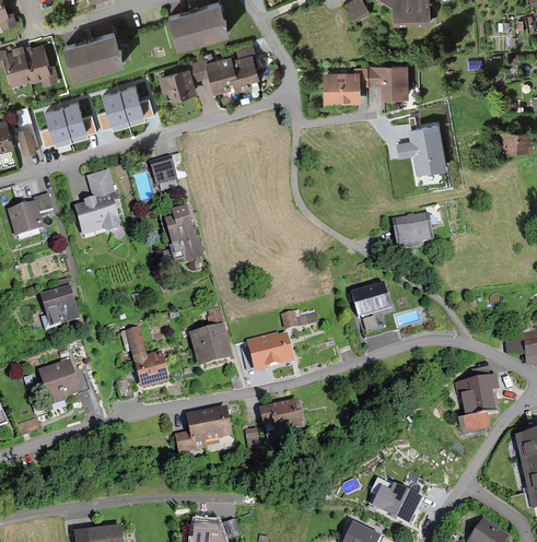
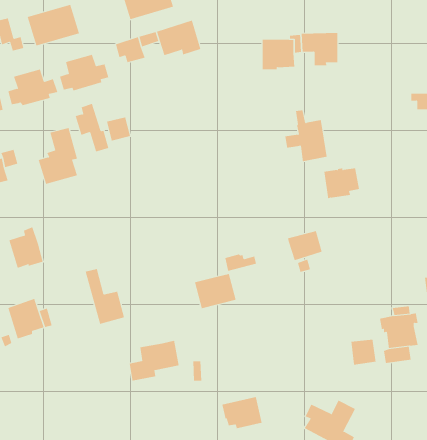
building: [397,114,445,172] -> [284,110,327,162]
building: [164,203,202,258] -> [75,103,109,152]
building: [190,307,234,366] -> none
building: [259,399,305,435] -> [221,397,262,429]
building: none -> [351,339,376,366]

